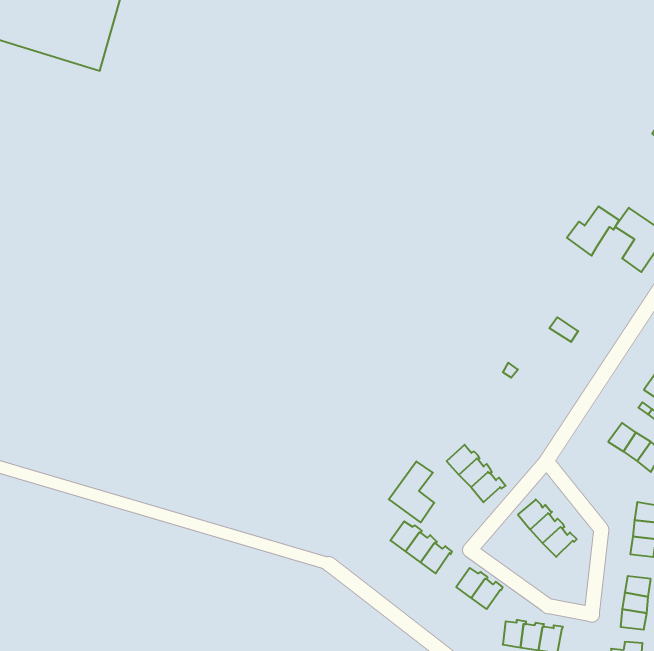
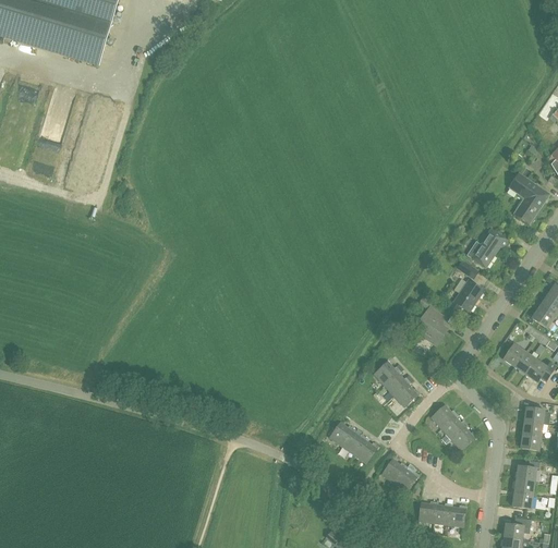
building: [567,206,619,256] -> [465,230,507,269]
building: none -> [447,280,483,316]
building: none -> [417,307,447,345]
building: [389,461,434,522] -> none

